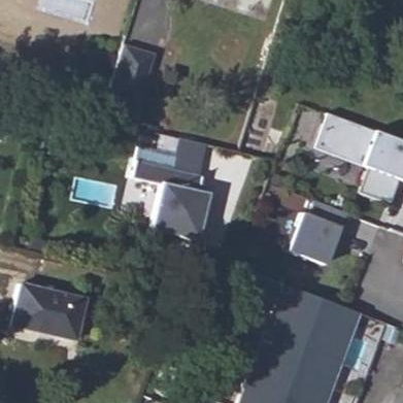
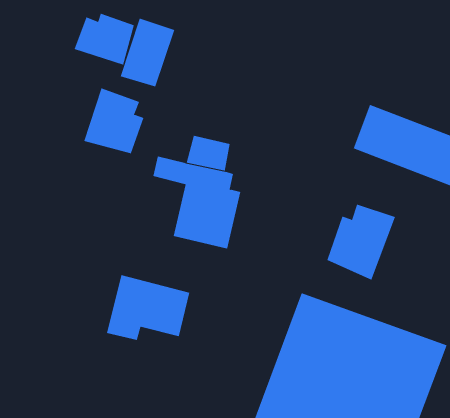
building: none -> [74,13,134,66]
building: none -> [84,88,144,154]
building: [10,283,82,340] -> [106,274,190,340]

